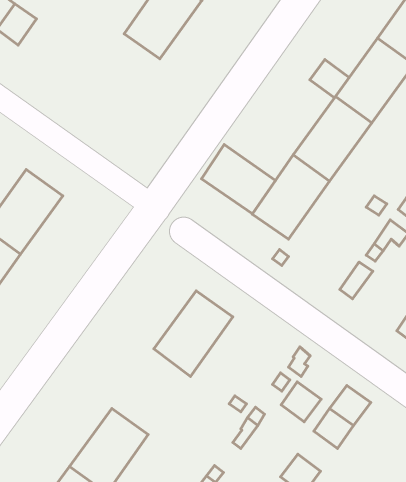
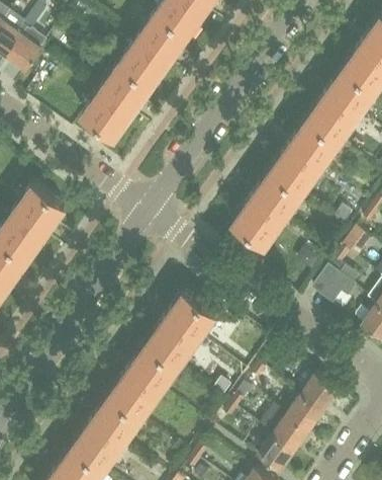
building: none -> [83,64,152,139]
building: [310,59,349,98] -> none
building: [201,145,275,214] -> none
building: none -> [322,274,358,307]
building: none -> [109,343,179,419]
building: [281,382,321,422] -> [274,416,309,452]

